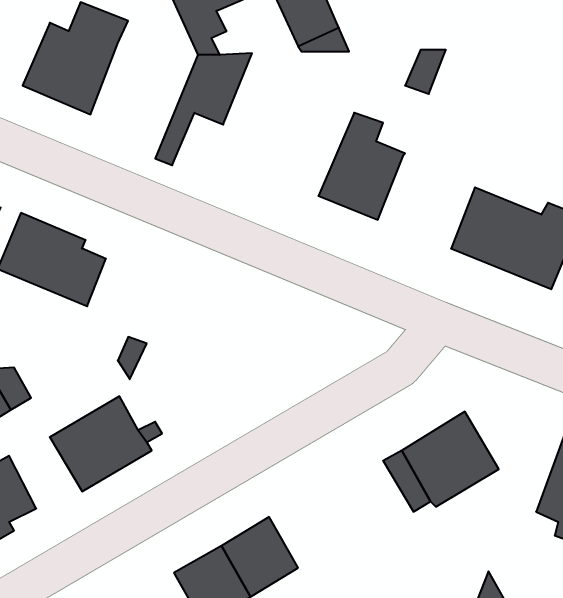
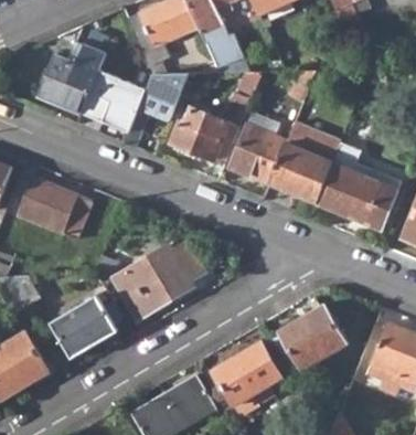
building: none -> [82,66,141,128]
building: none -> [168,106,237,163]
building: none -> [267,119,339,200]
building: none -> [117,243,209,319]
building: none -> [214,343,282,415]

